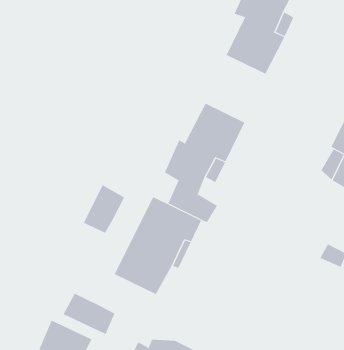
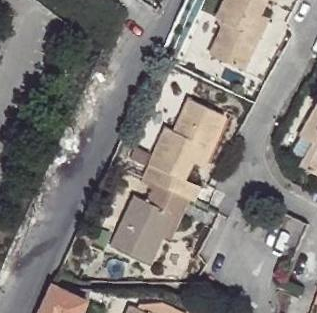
building: [83,185,125,233] -> none
building: [63,293,115,335] -> none

